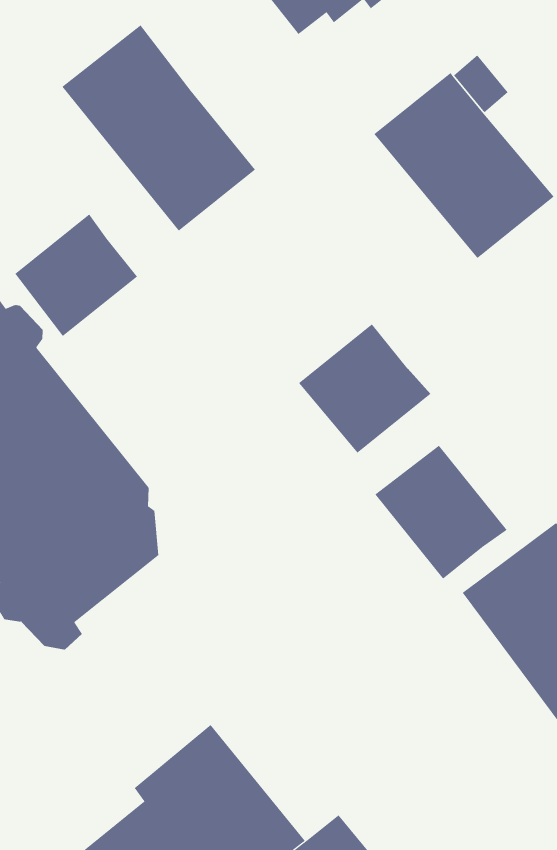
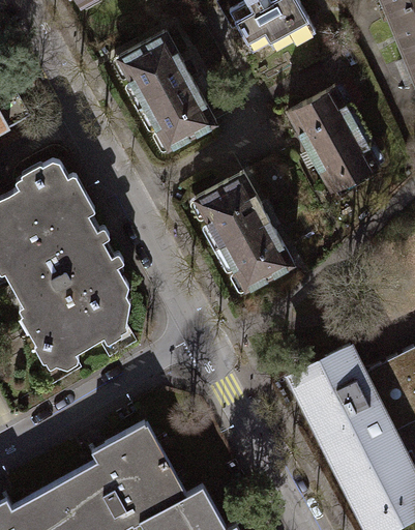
building: [14,213,138,337] -> none
building: none -> [192,176,265,246]
building: [374,445,508,579] -> none

